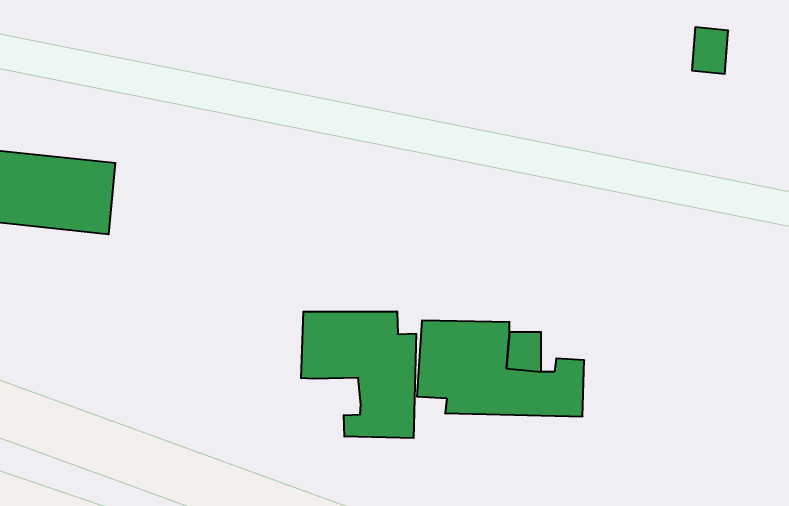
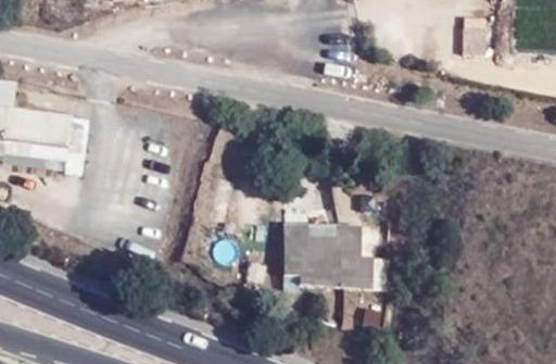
building: [301,311,416,438] -> none

